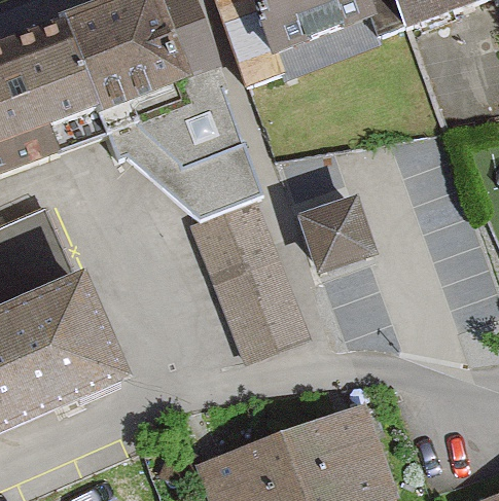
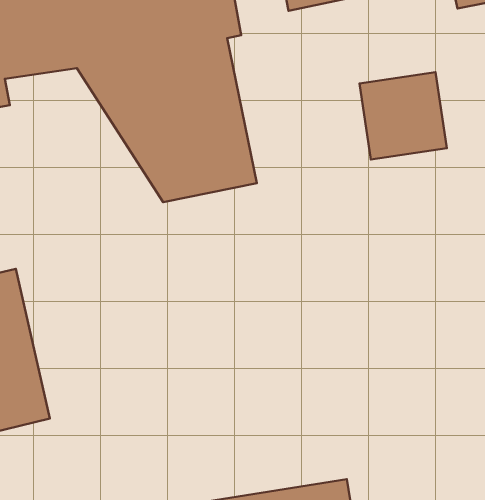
building: [188,191,309,351] -> none
building: [296,199,371,274] -> [359,72,447,160]

